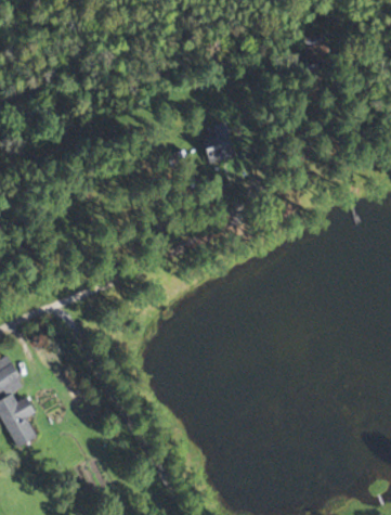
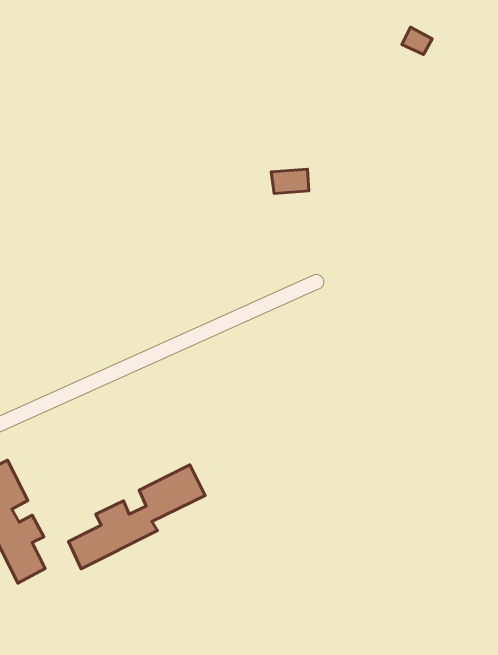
building: none -> [69,465,205,569]

